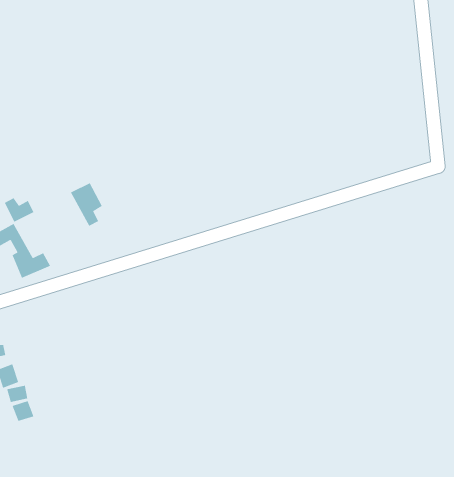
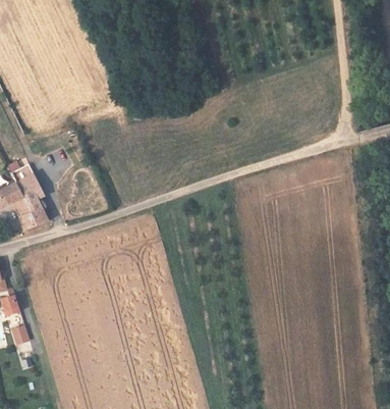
building: [70,182,103,227] -> [13,175,40,211]

